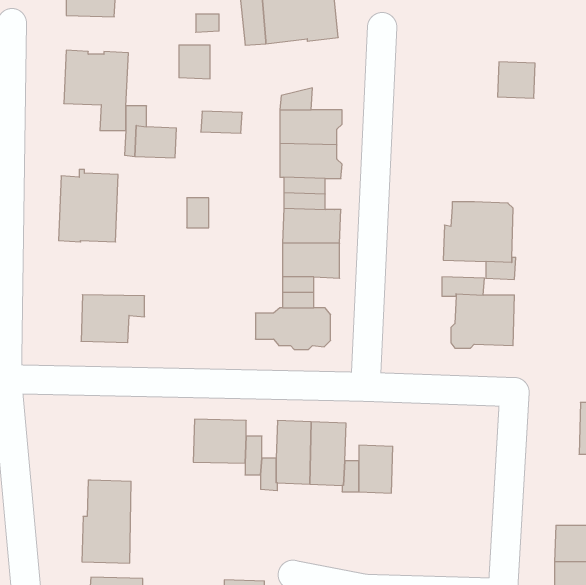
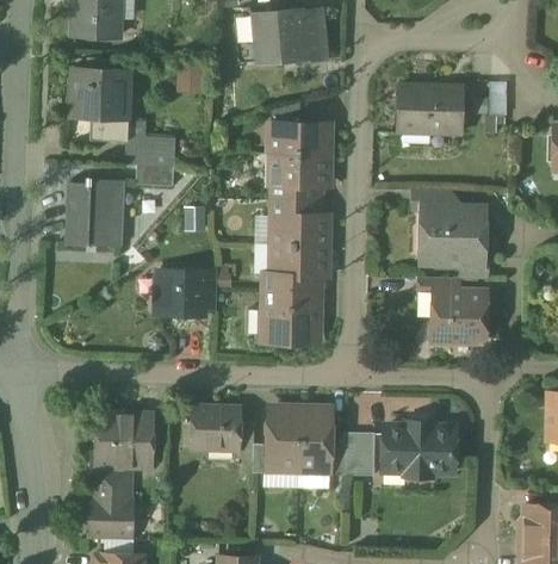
building: none -> [396,83,461,134]
building: [201,111,242,133] -> [136,166,174,186]
building: none -> [413,188,450,212]
building: [81,295,145,343] -> [157,271,216,315]
building: none -> [97,415,151,465]
building: none -> [384,422,453,477]

